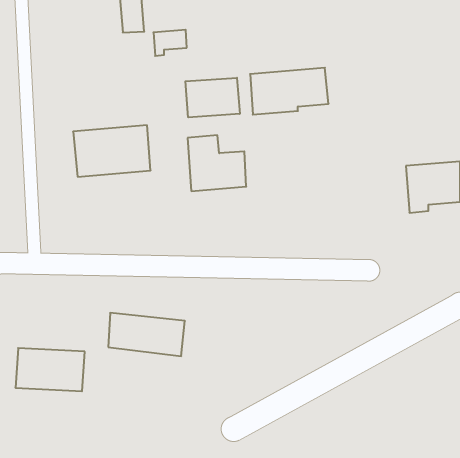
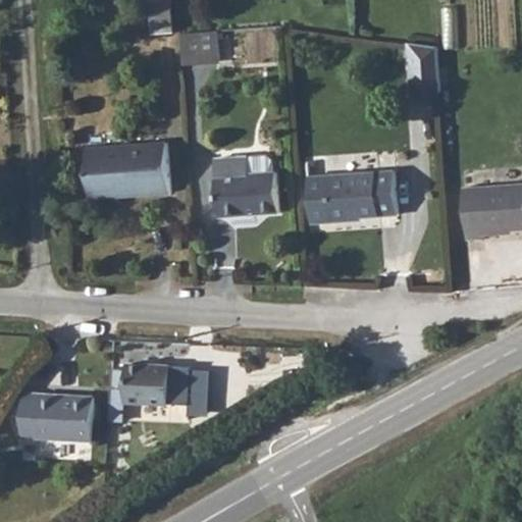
building: none -> [408,45,438,94]
building: [250,68,329,115] -> [309,175,398,228]
building: [185,78,240,117] -> none

